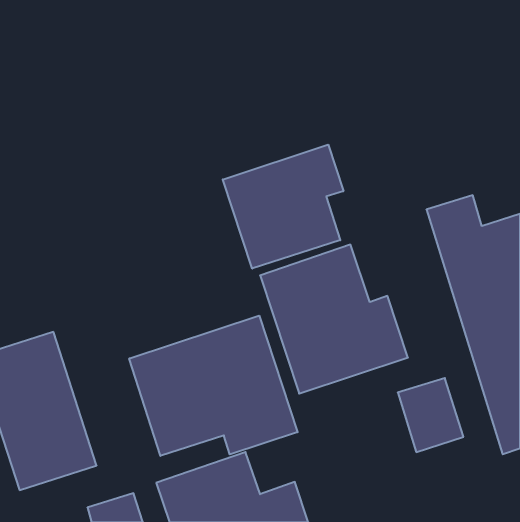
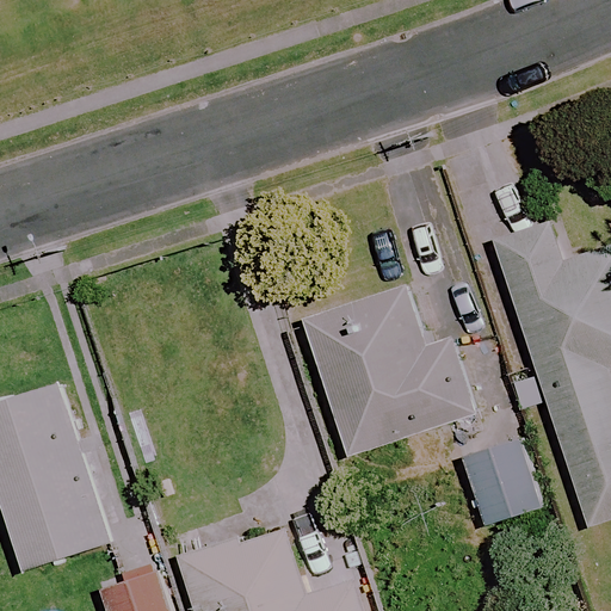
building: [223,145,343,269] -> none
building: [129,316,298,456] -> none

